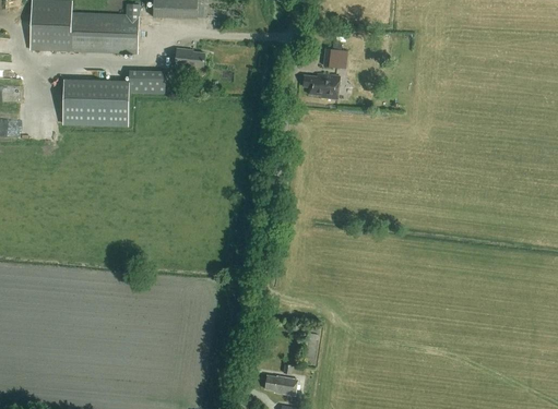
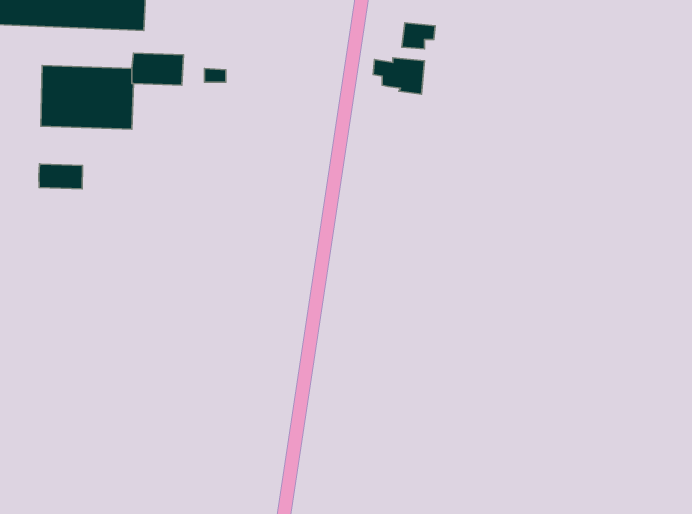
building: [175,48,204,68] -> none
building: none -> [39,164,82,189]
building: [264,375,299,395] -> none

